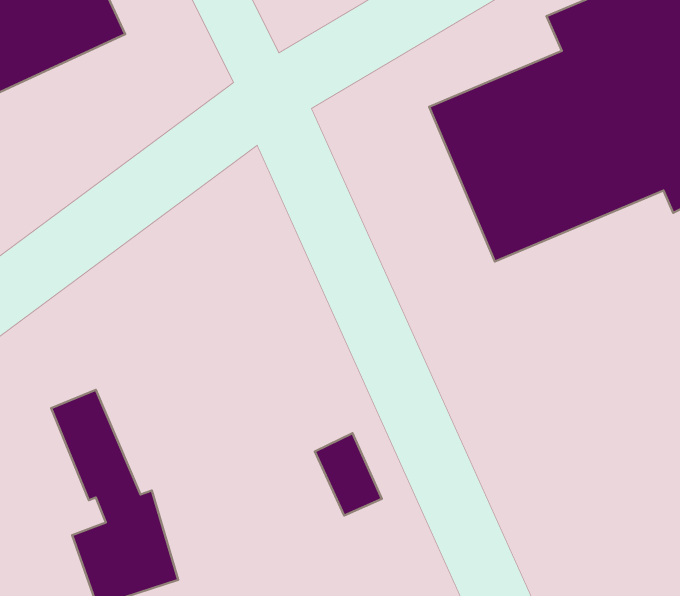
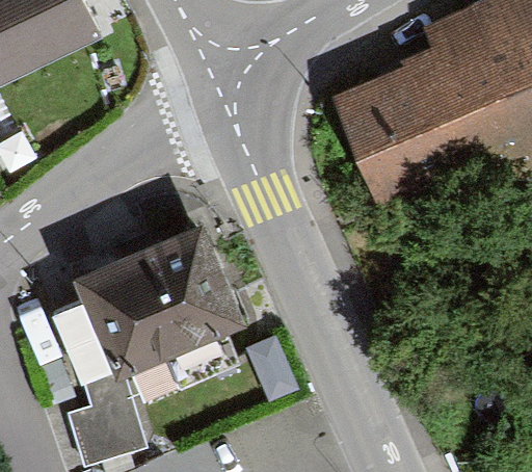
building: none -> [75,227,247,381]

